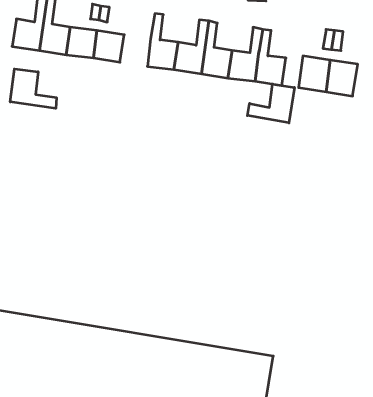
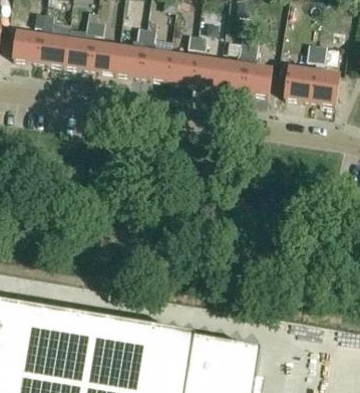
building: none -> [115,24,148,75]
building: [10,69,56,108] -> none
building: [247,84,294,123] -> none

